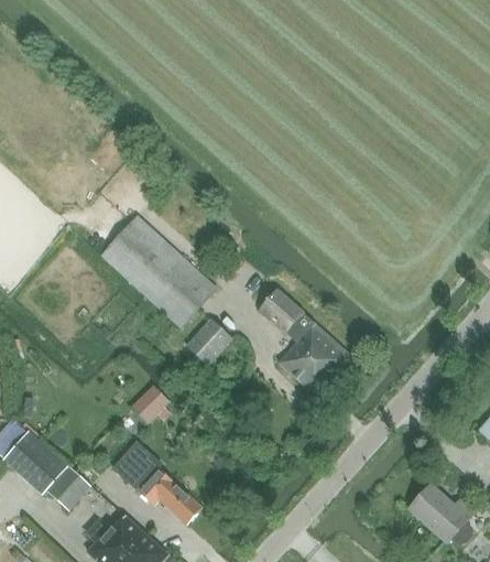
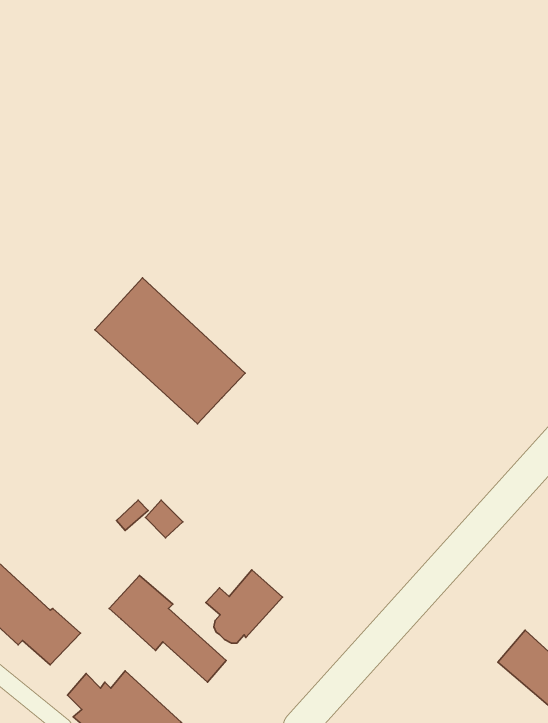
building: [259,289,350,391] -> none
building: [186,320,231,365] -> none
building: none -> [206,570,282,643]

